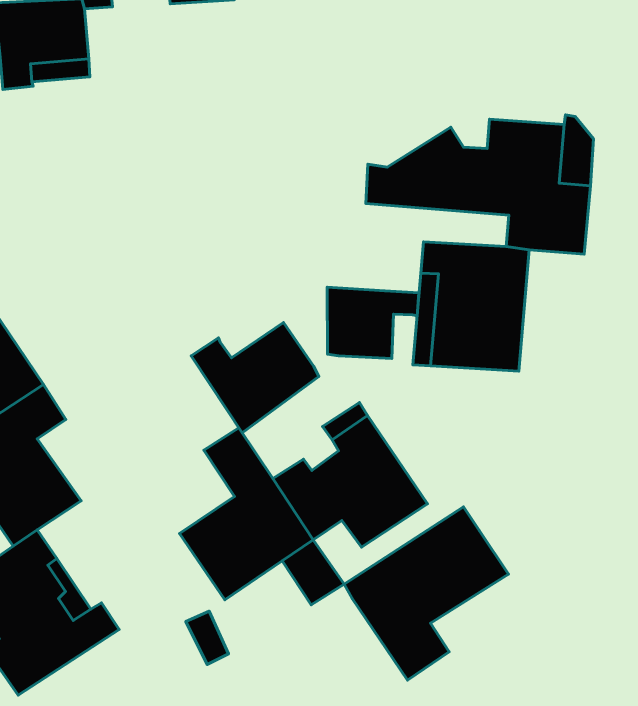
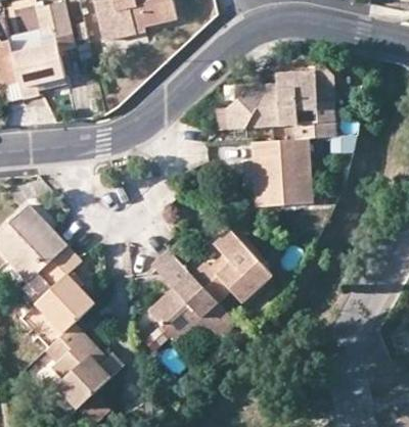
building: [327,287,419,359] -> none
building: [191,322,319,433] -> none
building: [344,507,508,680] -> none

